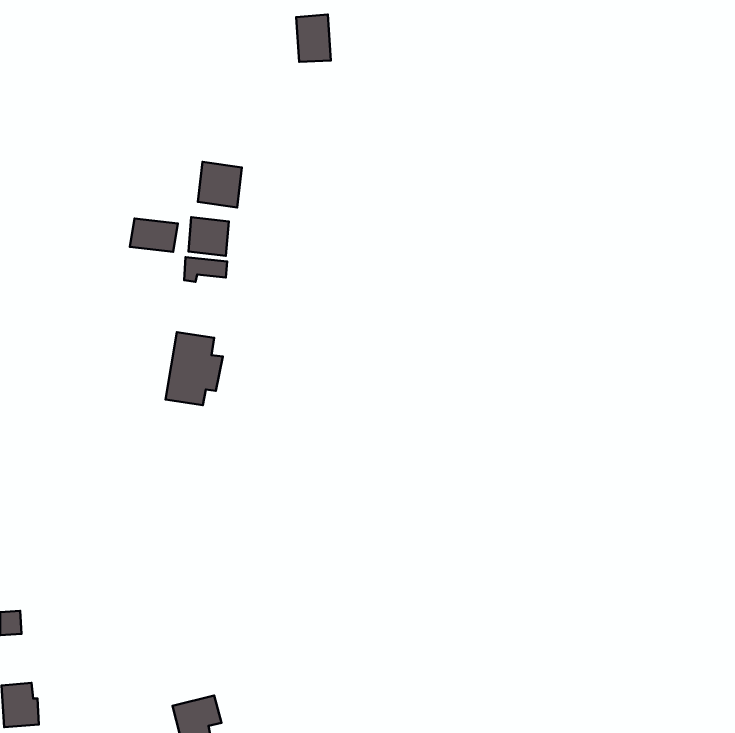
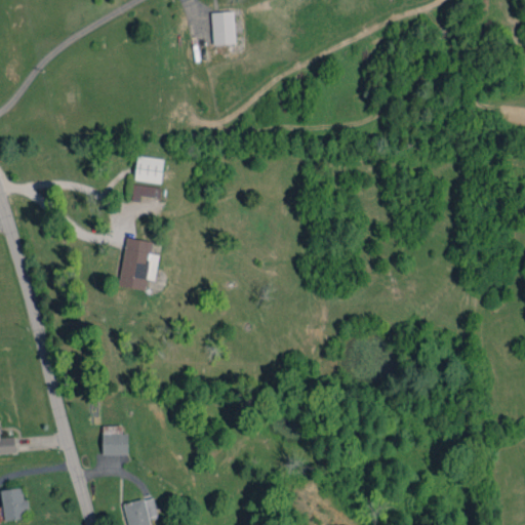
building: [198,162,242,207] -> none
building: [130,219,178,252] -> none
building: none -> [103,426,128,455]

